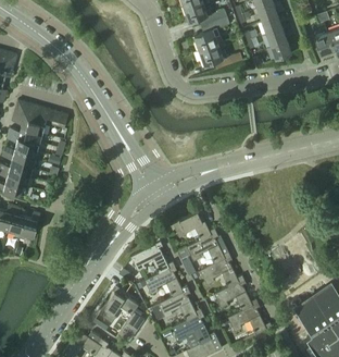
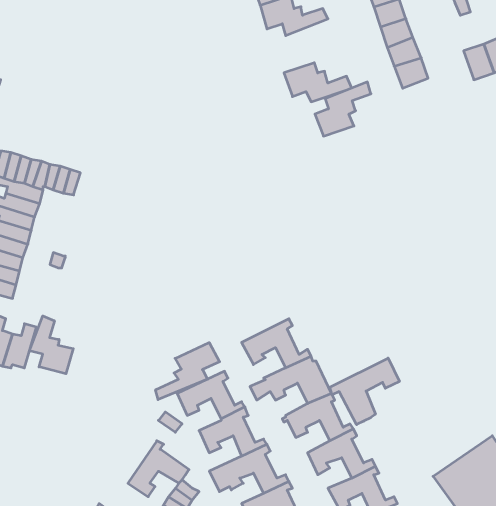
building: [193,16,229,51] -> [315,82,371,136]
building: none -> [29,316,73,374]
building: none -> [156,343,220,400]
building: none -> [330,358,399,425]

